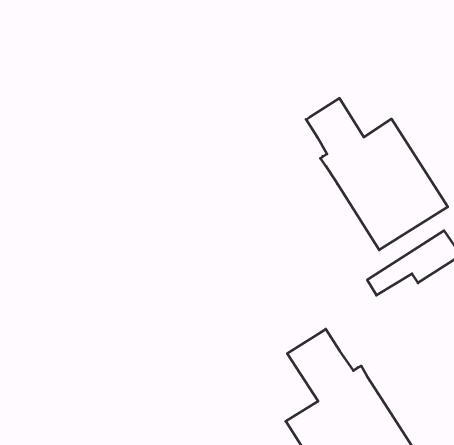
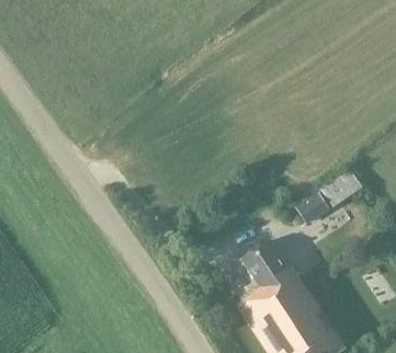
building: [306,98,448,250] -> none

